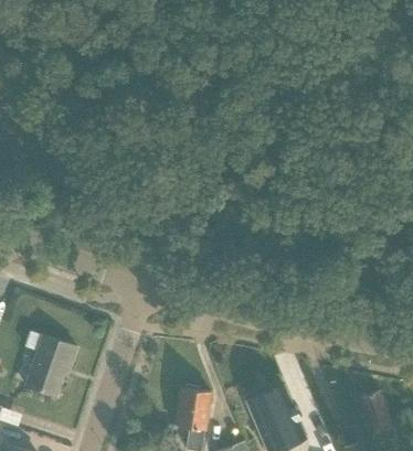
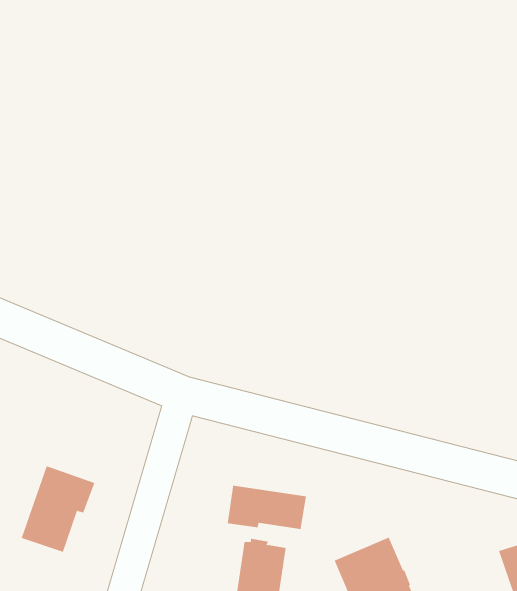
building: none -> [227,485,307,530]

